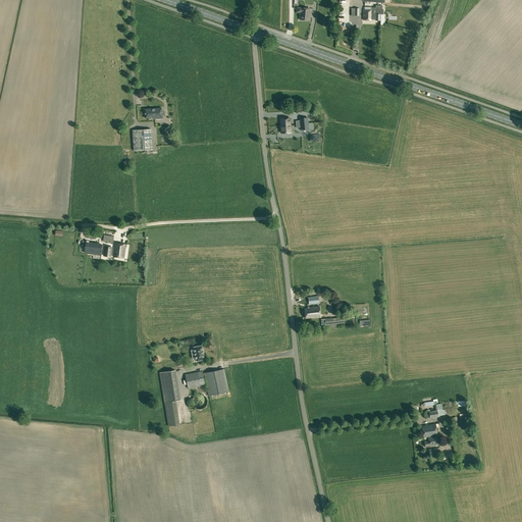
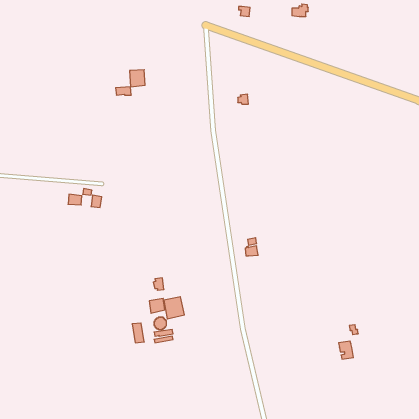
building: [133,129,152,151] -> [130,70,145,87]
building: [160,370,180,403] -> none

